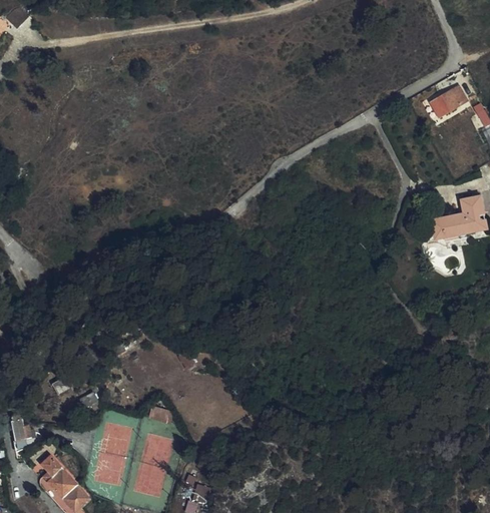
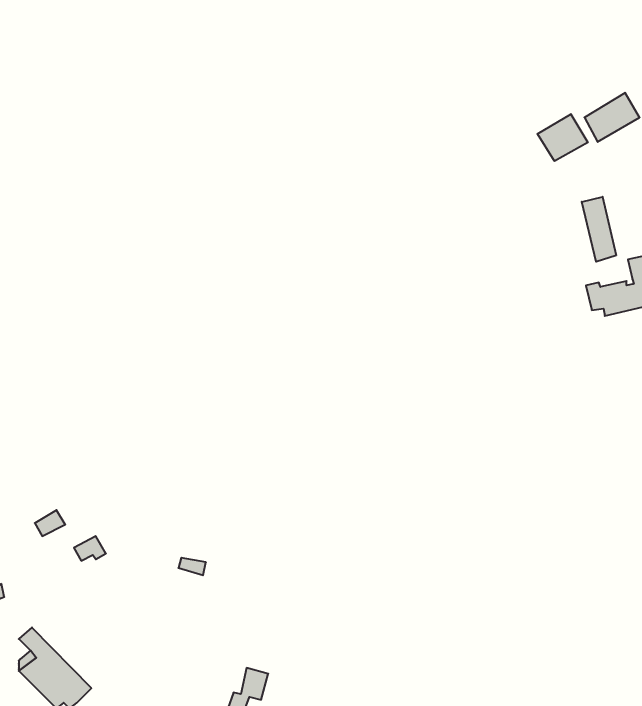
building: none -> [537,114,588,161]
building: none -> [582,197,616,262]

